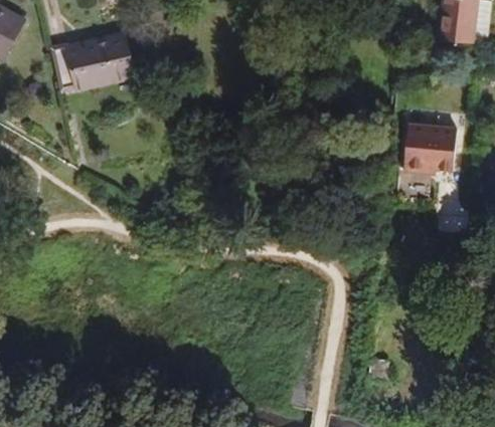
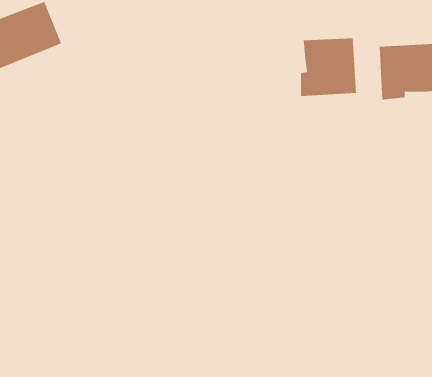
building: none -> [300,38,356,97]

